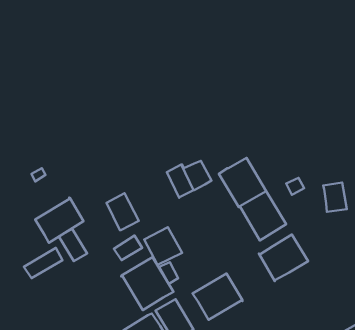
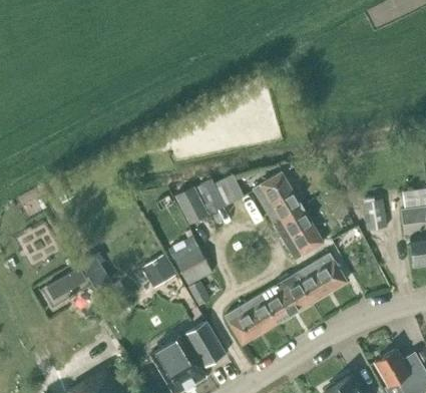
building: [106,193,139,230] -> [175,186,209,226]
building: [35,198,84,243] -> none
building: none -> [261,274,312,323]
building: [121,257,174,310] -> none

